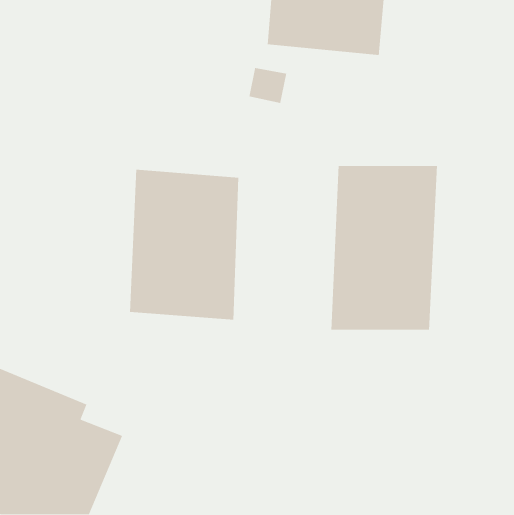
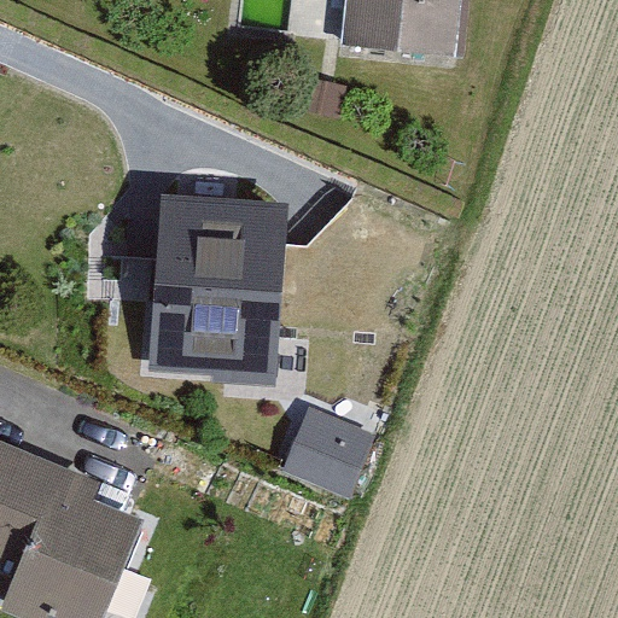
building: [331,165,438,330] -> none
building: none -> [274,400,371,496]

